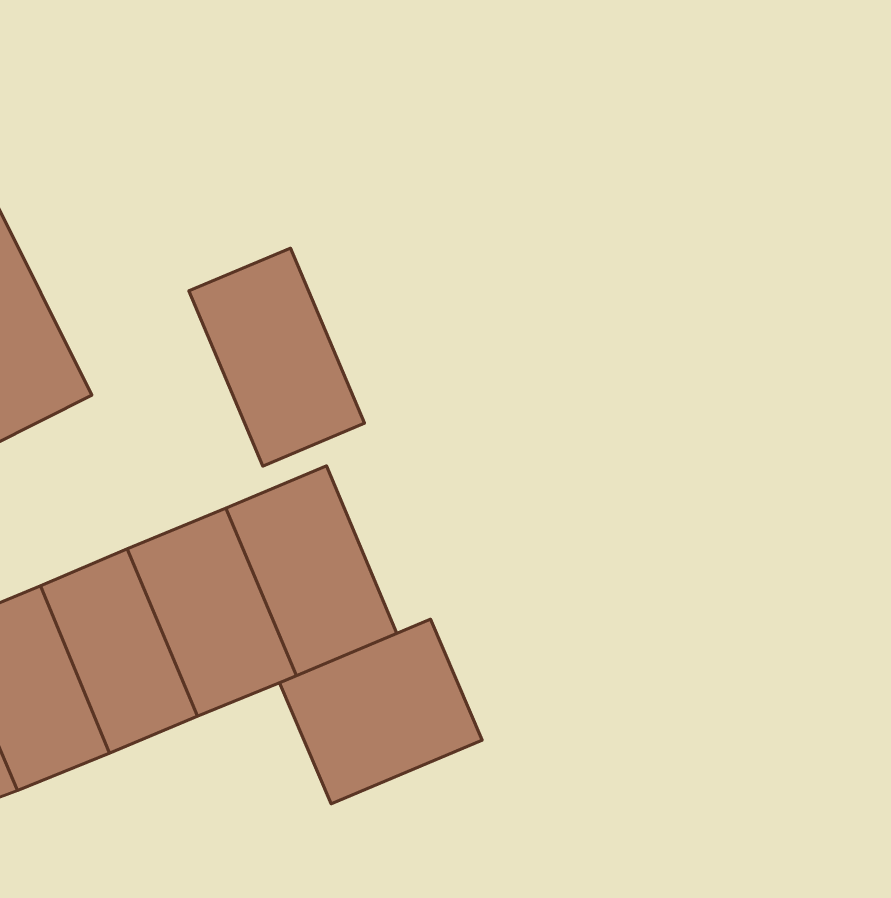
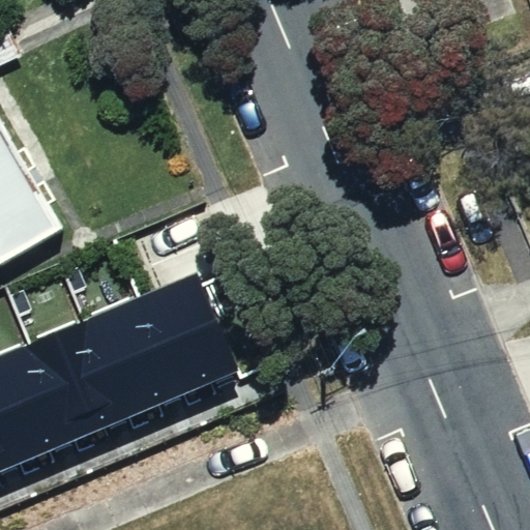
building: [189,248,364,466] -> none
building: [279,619,482,804] -> none

